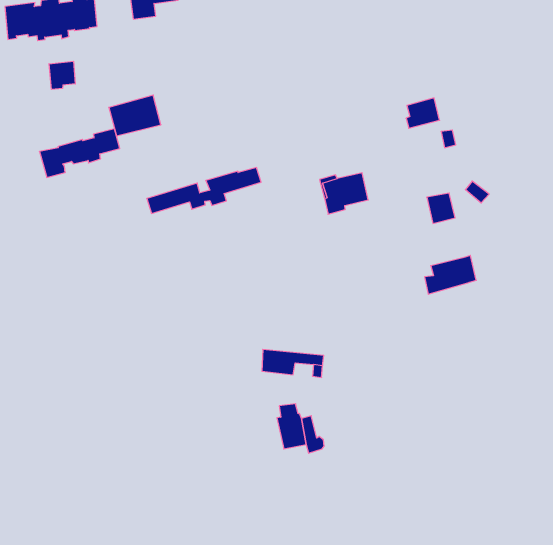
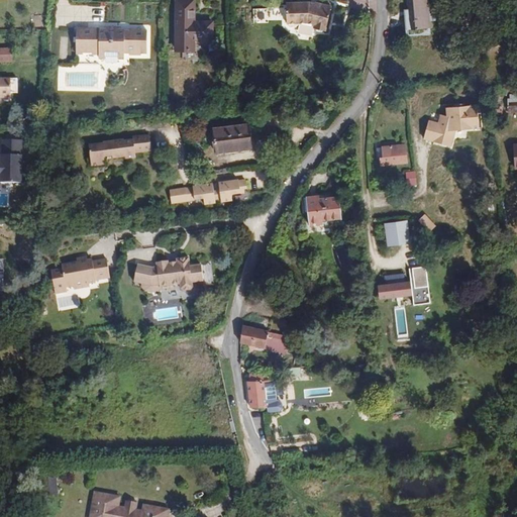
building: none -> [424,104,480,145]
building: [49,61,75,89] -> none
building: [109,95,161,136] -> [212,123,251,151]
building: none -> [133,256,203,290]
building: none -> [48,260,108,295]

